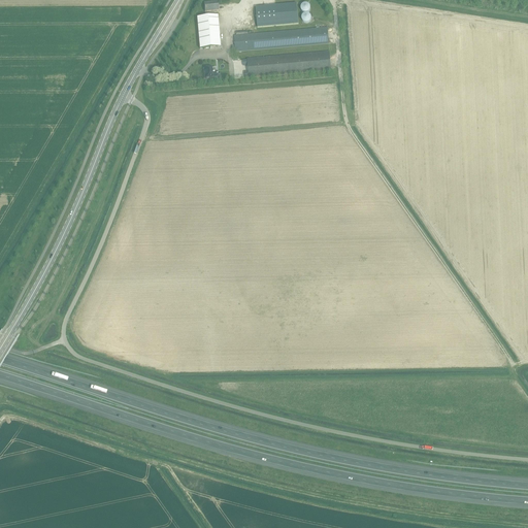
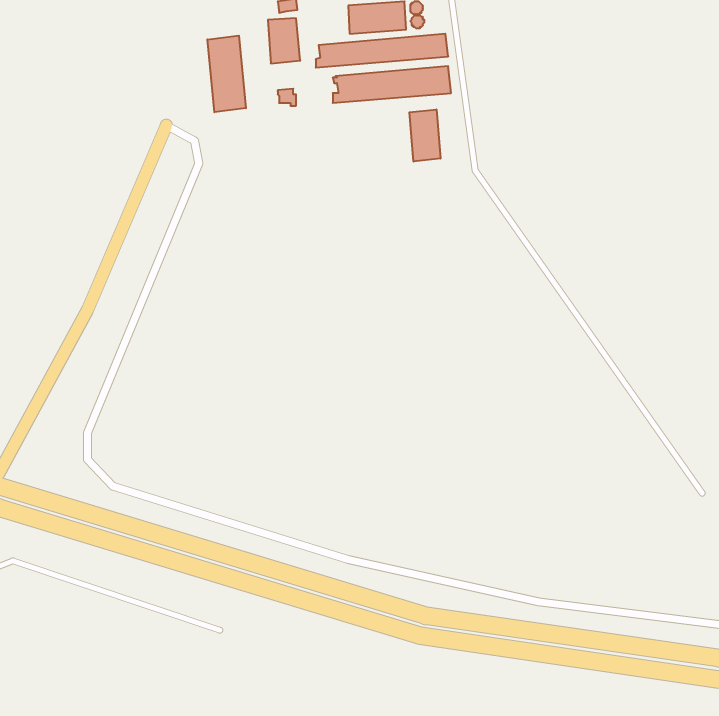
building: none -> [207,36,246,112]
building: none -> [409,109,440,162]

